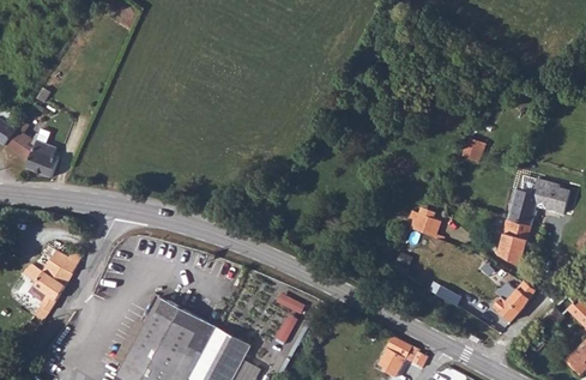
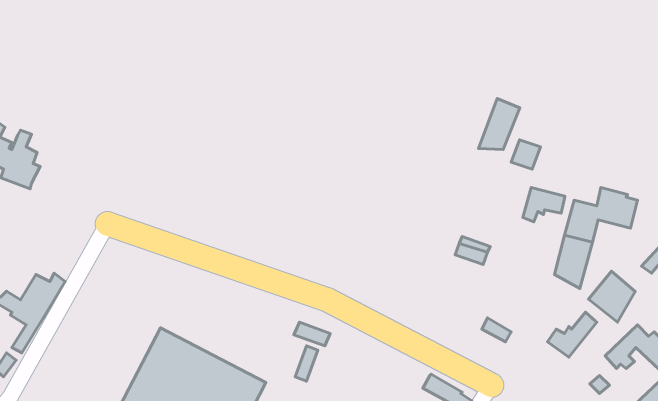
building: none -> [479,99,520,150]
building: none -> [523,188,565,222]
building: none -> [589,271,635,322]

